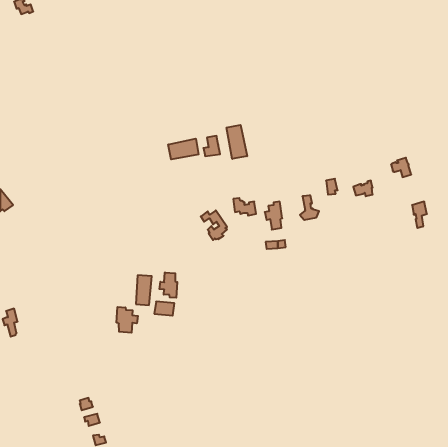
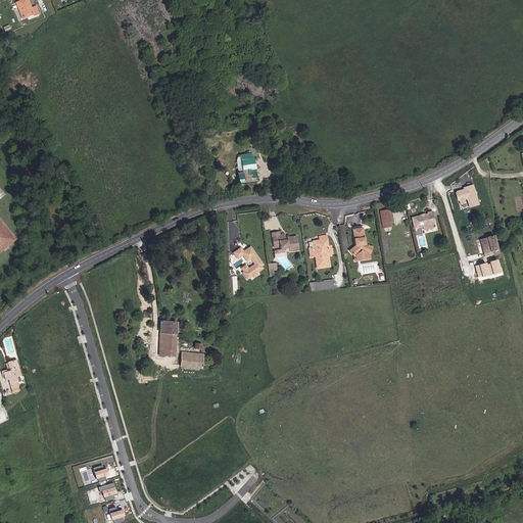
building: [227,125,247,159] -> none
building: [168,139,199,159] -> none
building: [159,272,177,298] -> none
building: [117,307,138,333] -> none

